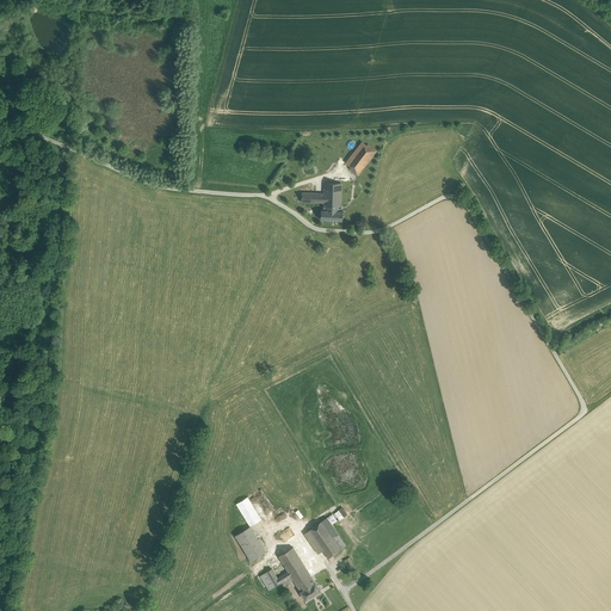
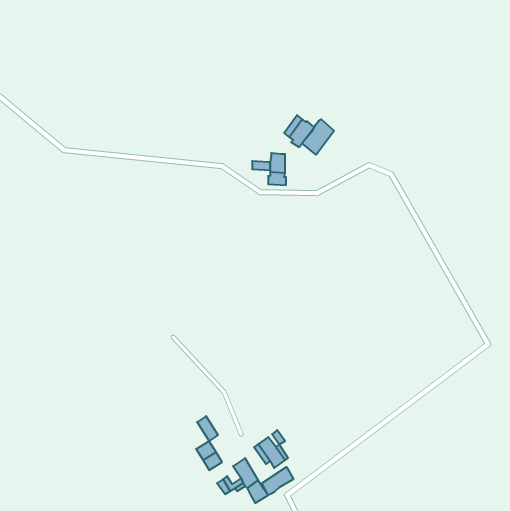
building: none -> [302,119,334,155]
building: none -> [262,467,293,495]

